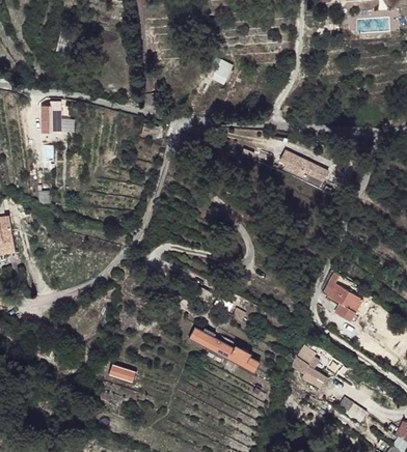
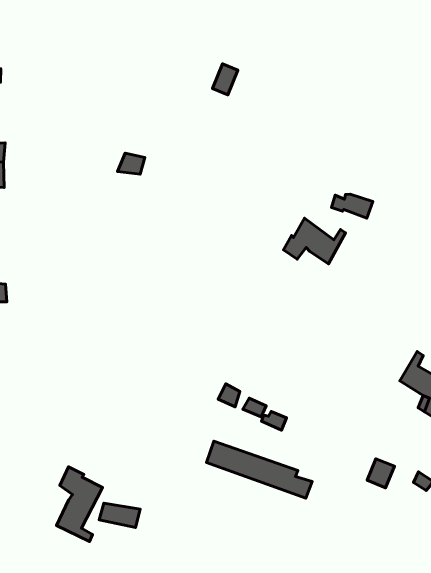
building: none -> [284,218,346,264]
building: none -> [57,467,102,541]

